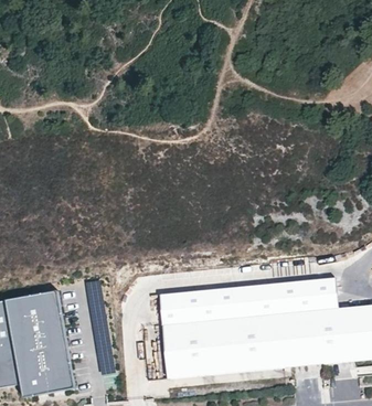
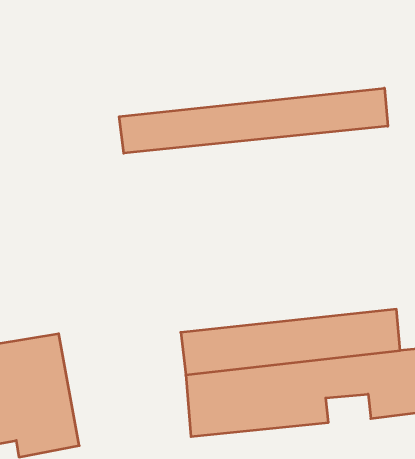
building: none -> [119,88,388,153]
building: [284,343,322,367] -> none

